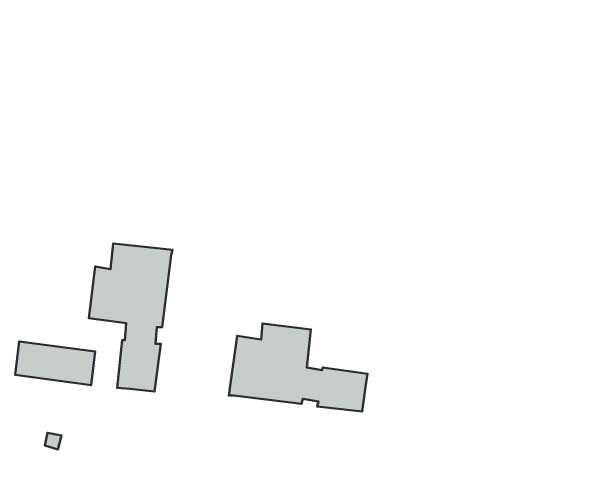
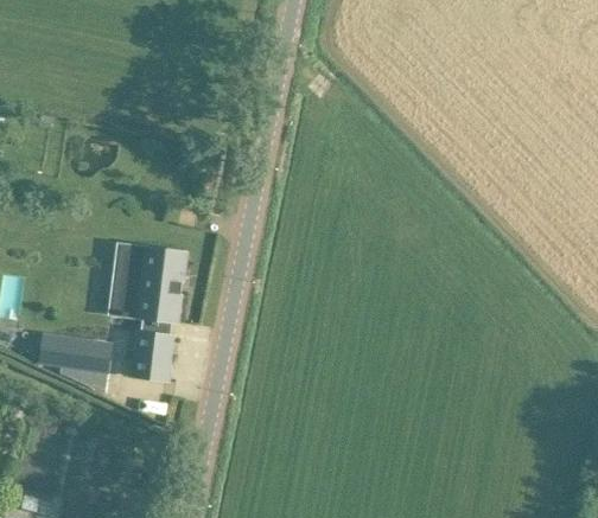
building: [229,324,367,411] -> none

